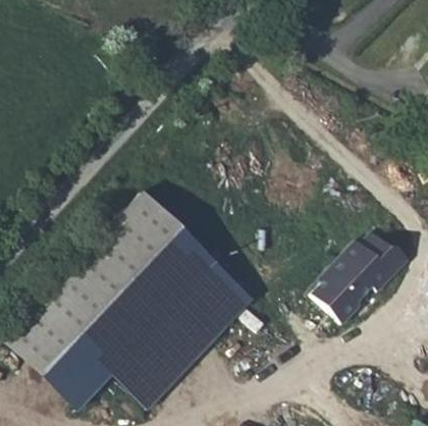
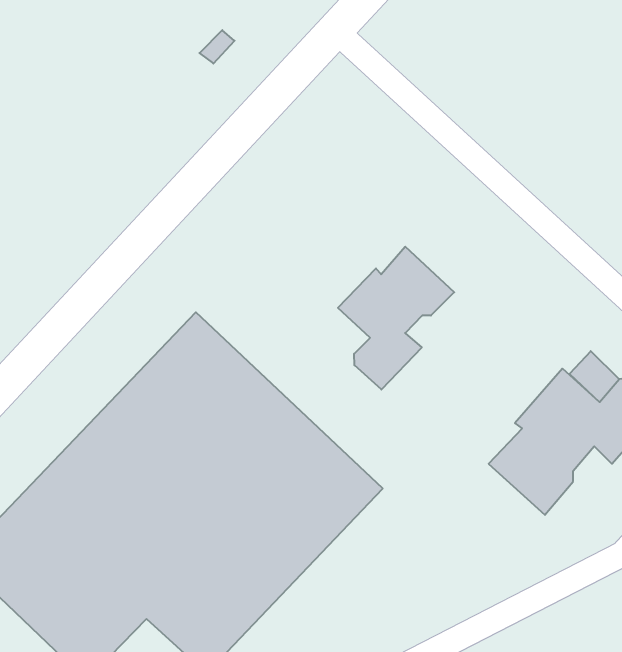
building: none -> [338,247,454,390]

